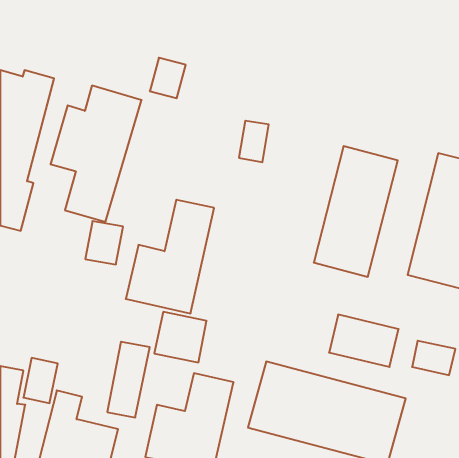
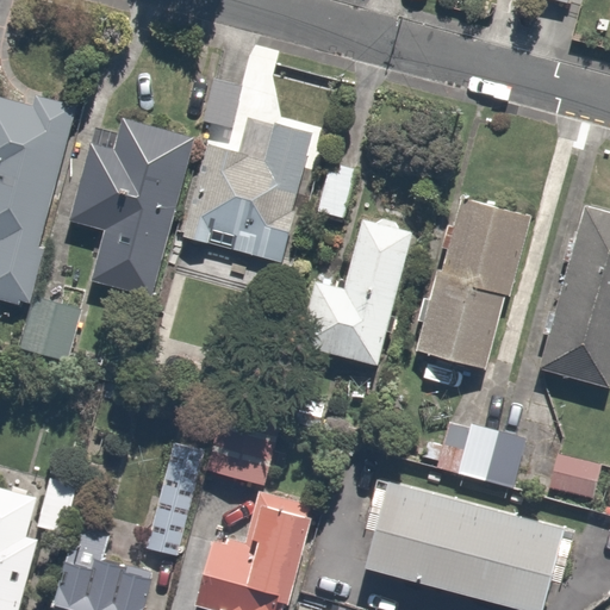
building: none -> [185,124,317,263]
building: [126,200,214,313] -> [293,217,410,367]
building: [85,221,123,264] -> [26,300,76,357]

